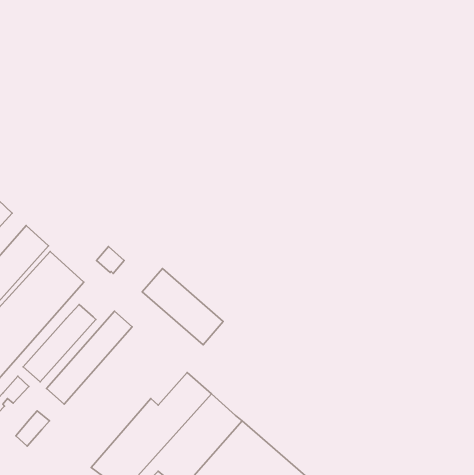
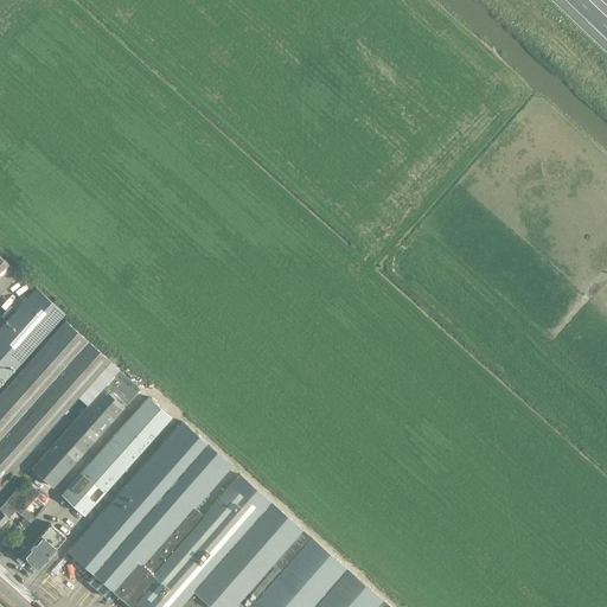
building: [96,247,124,274] -> [101,371,136,405]
building: [142,269,223,345] -> none
building: none -> [65,423,230,596]

